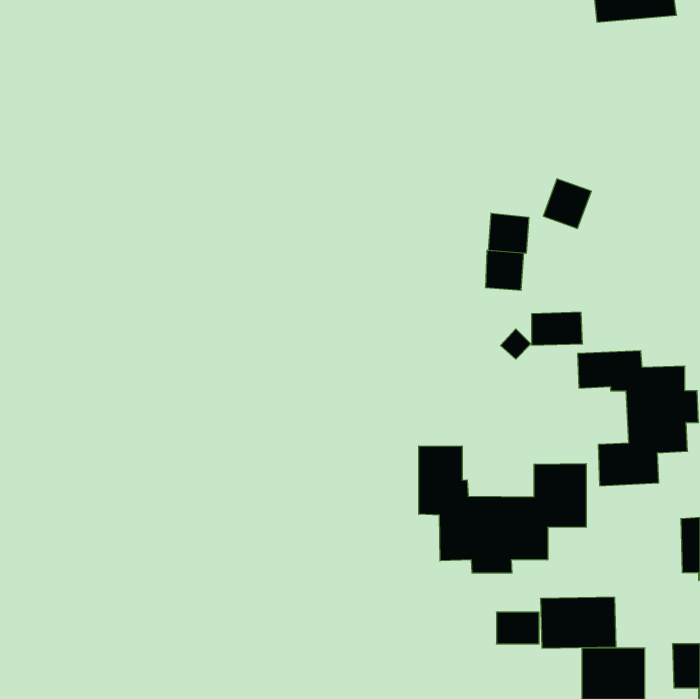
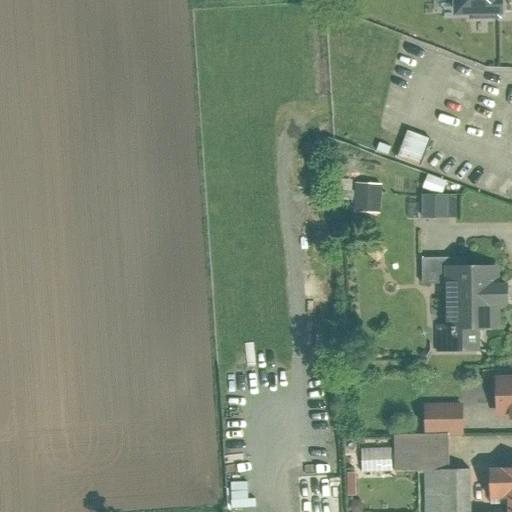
building: [488,213,529,253] -> none
building: [532,312,583,345] -> [421,193,458,217]
building: [419,446,586,573] -> none
building: none -> [423,404,462,433]

